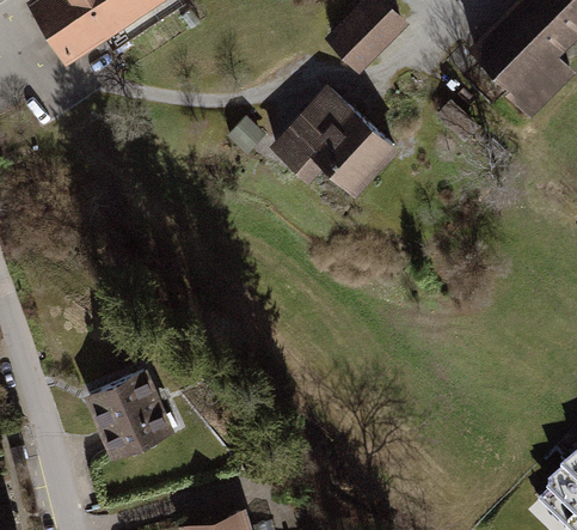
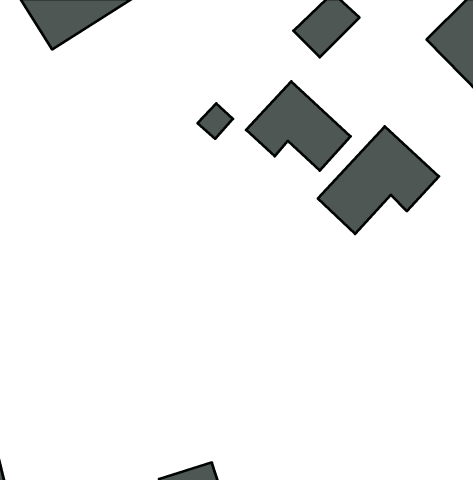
building: none -> [318,126,439,234]
building: [87,372,173,459] -> none

